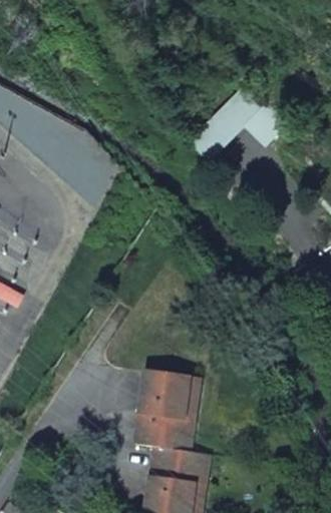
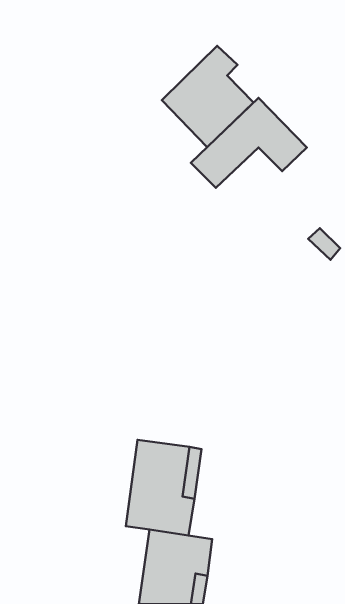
building: none -> [162,46,254,147]

